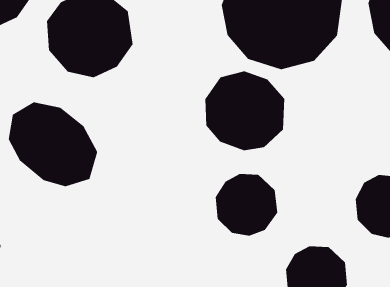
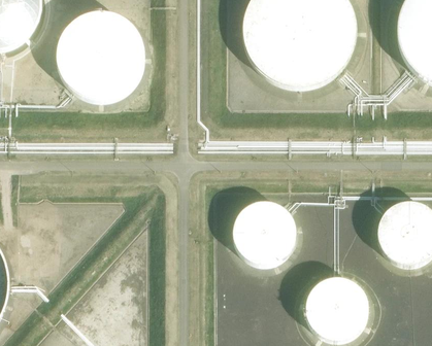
building: [204,71,285,151] -> none
building: [8,101,98,187] -> none

